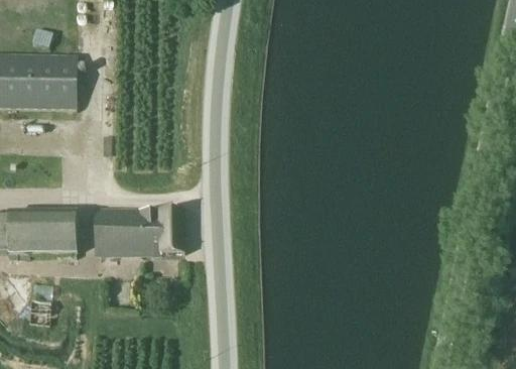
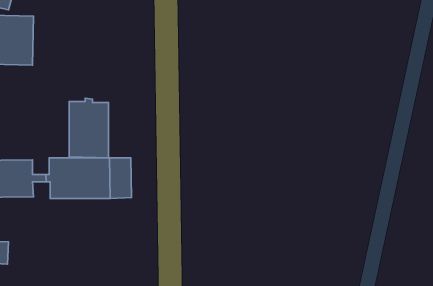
building: none -> [69,98,109,158]

